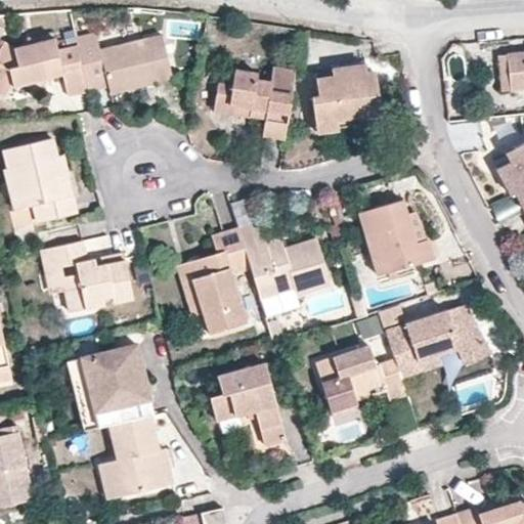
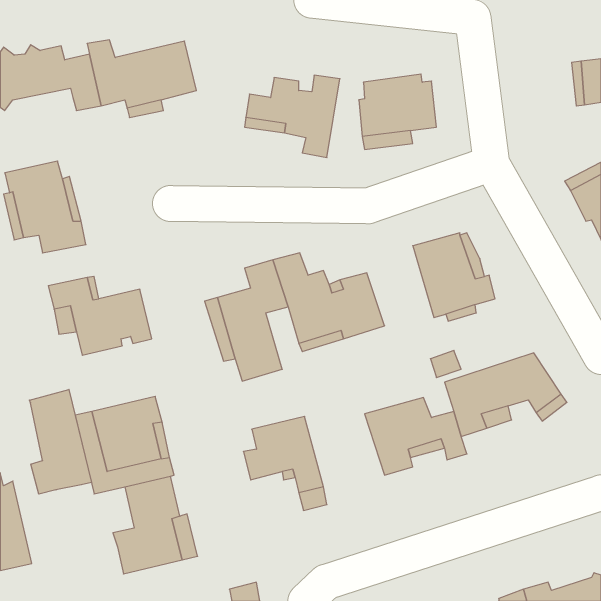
building: none -> [29,389,91,494]

